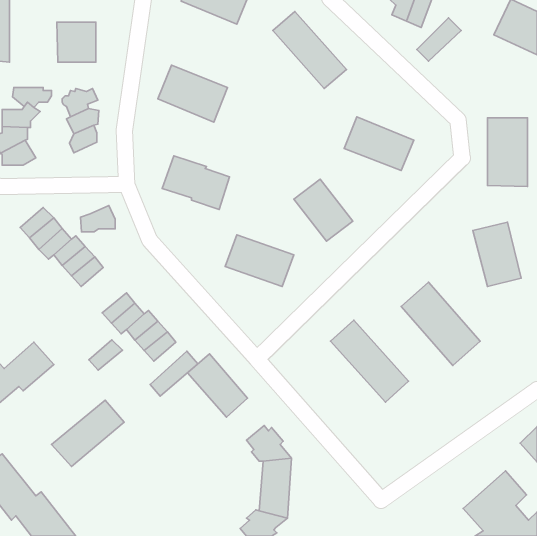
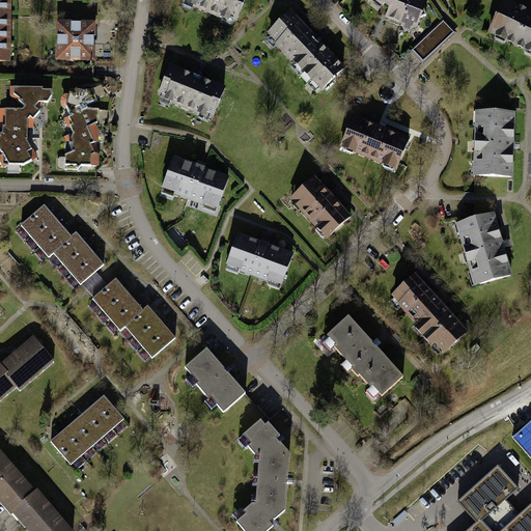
building: [81,206,115,232] -> [63,142,97,168]
building: [89,340,122,370] -> [91,278,124,308]
building: [150,351,198,396] -> none

